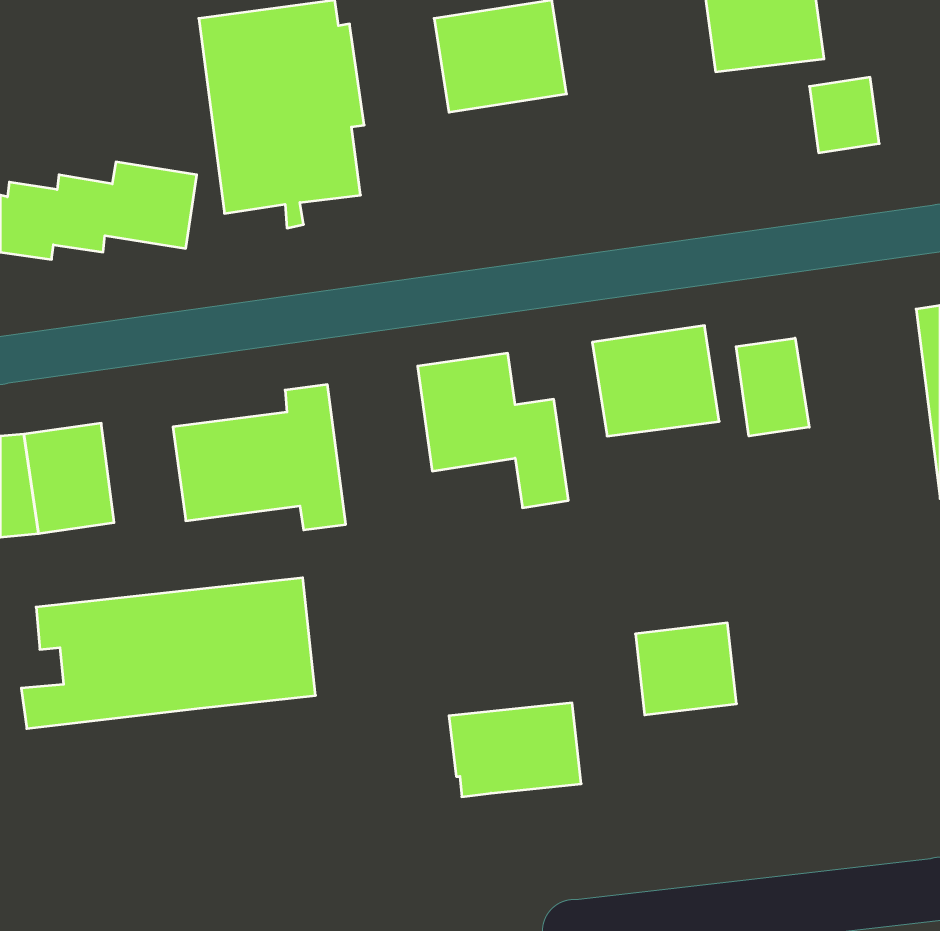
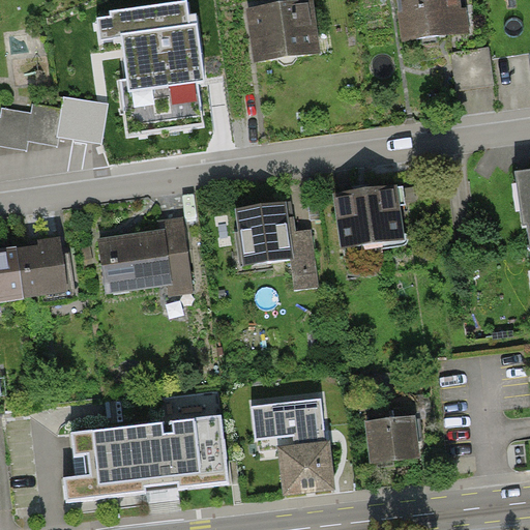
building: [736,338,809,436] -> none
building: [21,578,316,729] -> [64,413,230,498]
building: [635,623,737,715] -> [363,414,420,466]
building: none -> [276,440,334,495]

